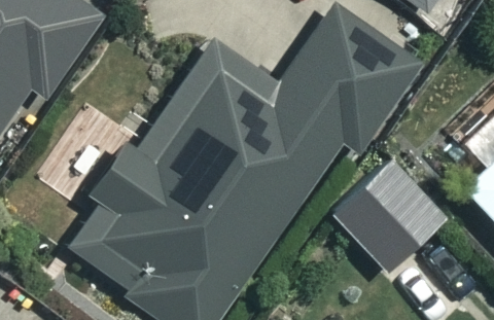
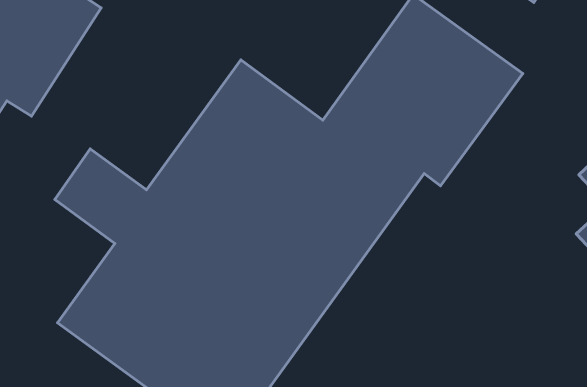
building: [331,155,447,271] -> none

